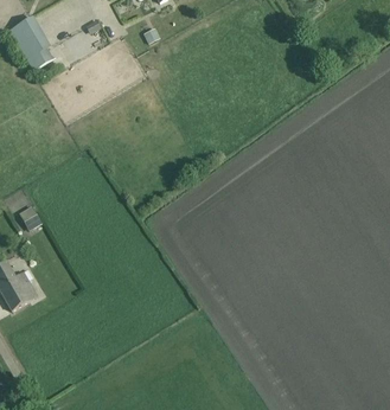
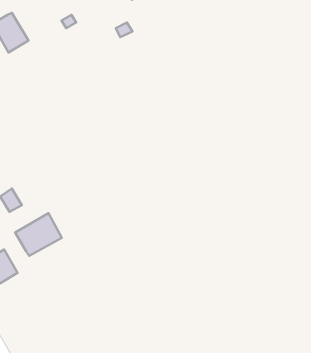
building: none -> [15,213,62,256]

